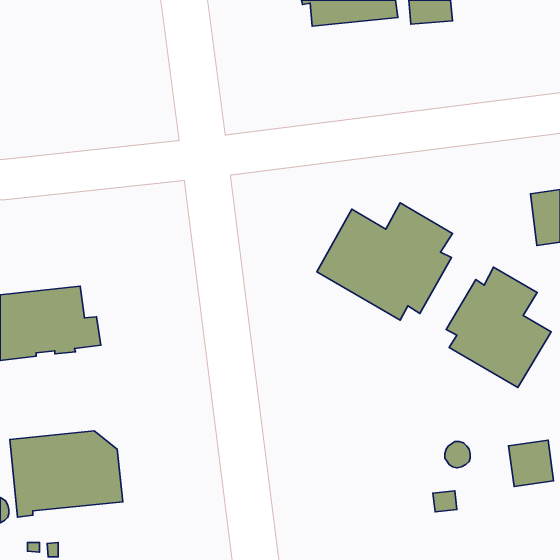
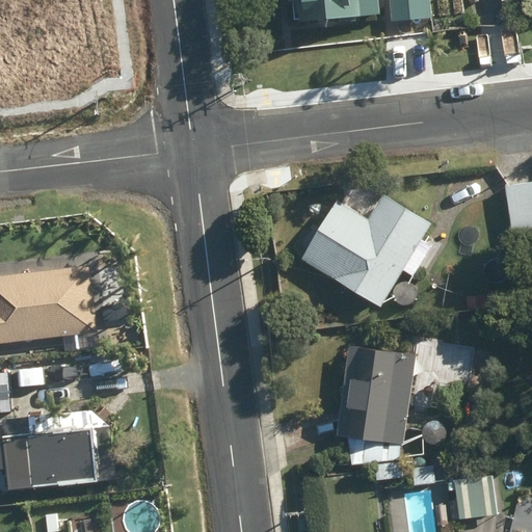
building: [446,267,551,387] -> none
building: none -> [335,344,414,464]
building: [509,440,554,486] -> [458,474,501,517]

